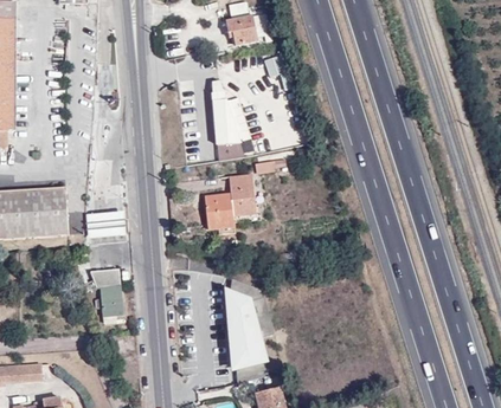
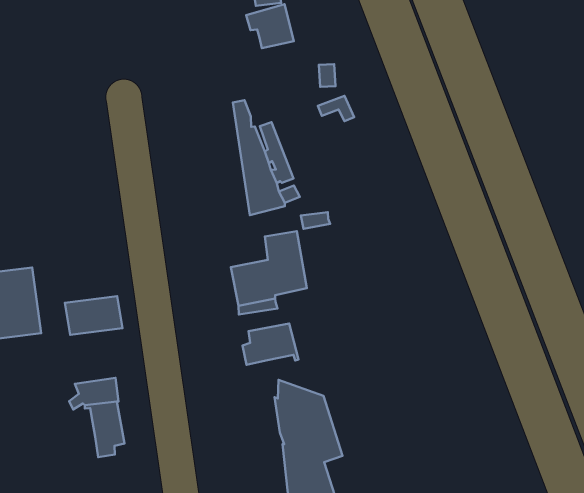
building: none -> [242,323,298,365]

